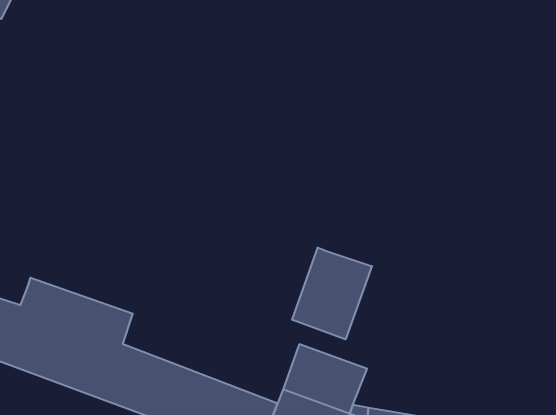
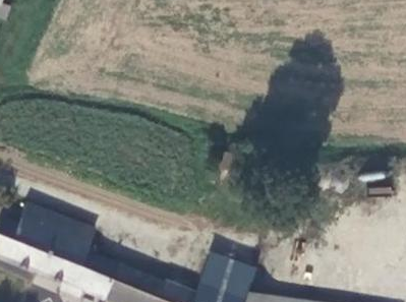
building: [292,248,372,339] -> none

